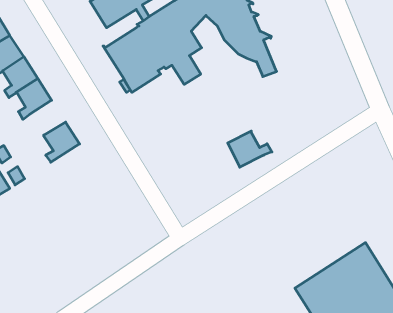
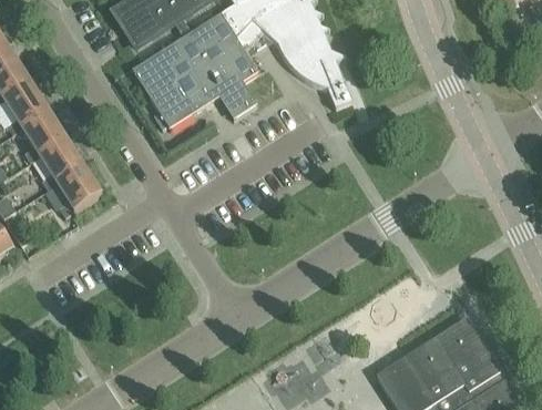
building: none -> [39,136,84,187]
building: [228,131,272,167] -> none

